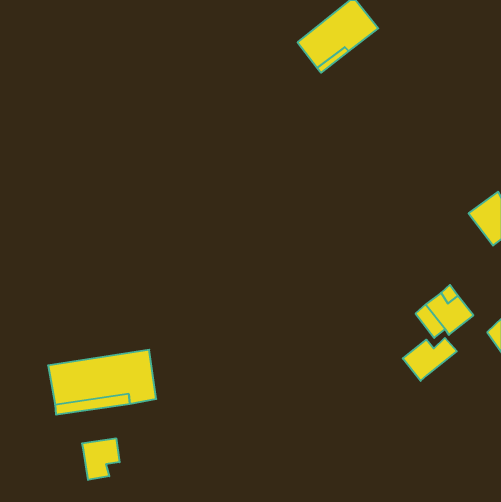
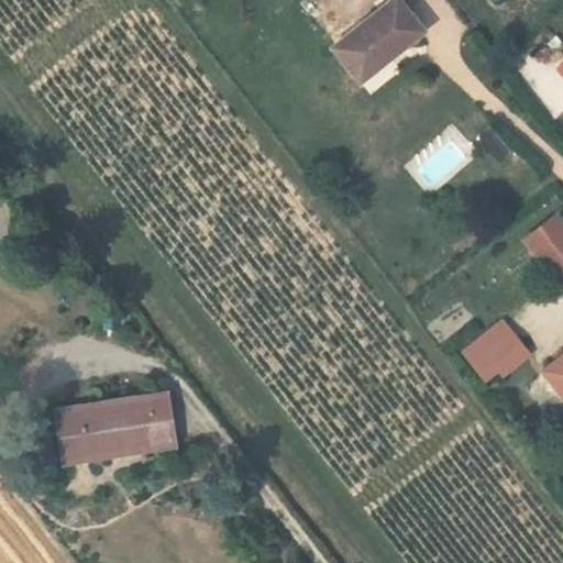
building: [403,338,457,381] -> none
building: [82,438,120,480] -> none

